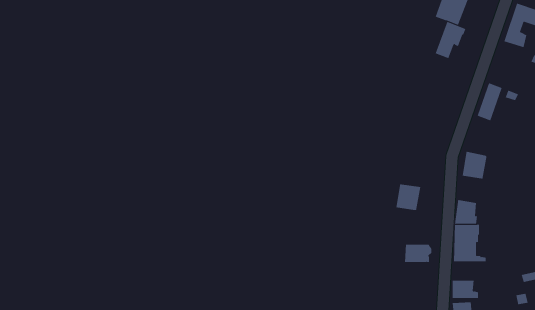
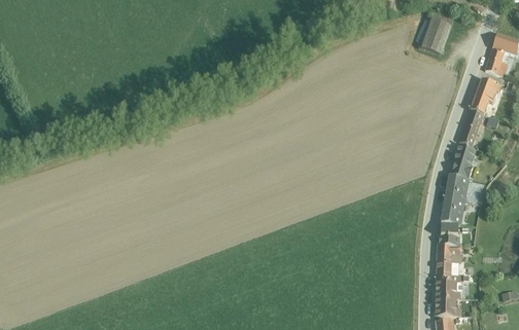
building: [435,21,466,59] -> [471,78,500,114]
building: none -> [449,144,476,179]
building: [395,184,421,211] -> [441,198,465,224]
building: [404,244,432,262] -> [436,281,462,298]

